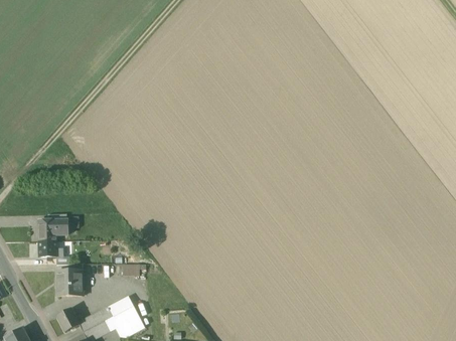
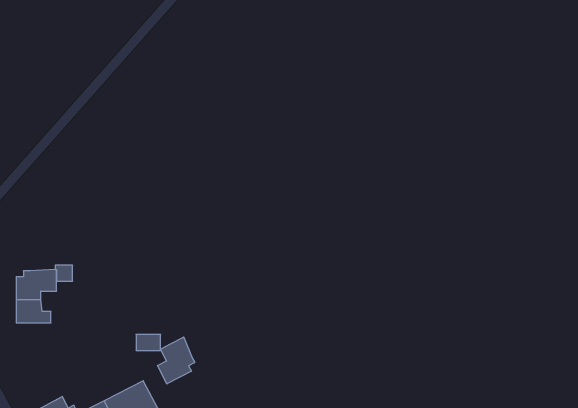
building: none -> [157,337,195,384]
building: [57,271,83,296] -> none

